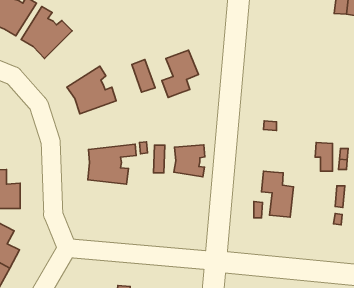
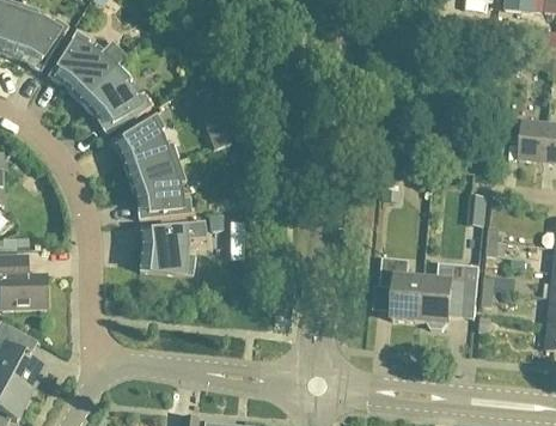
building: none -> [79,63,151,133]
building: [162,50,199,97] -> none
building: none -> [128,160,191,219]
building: [174,145,205,177] -> none
building: none -> [418,262,478,329]

